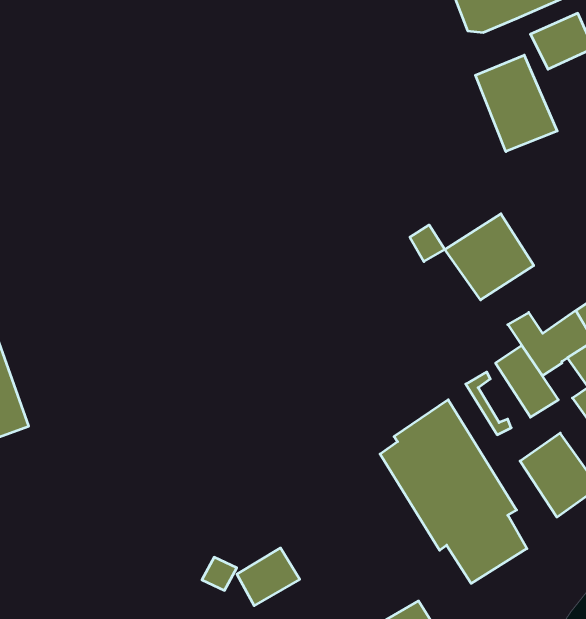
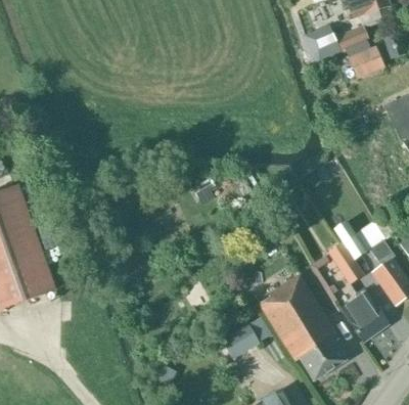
building: [475,55,557,152] -> none
building: [445,214,534,300] -> none
building: [237,548,300,606] -> [222,323,259,357]

